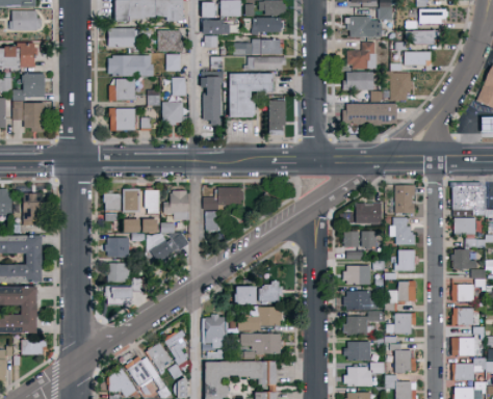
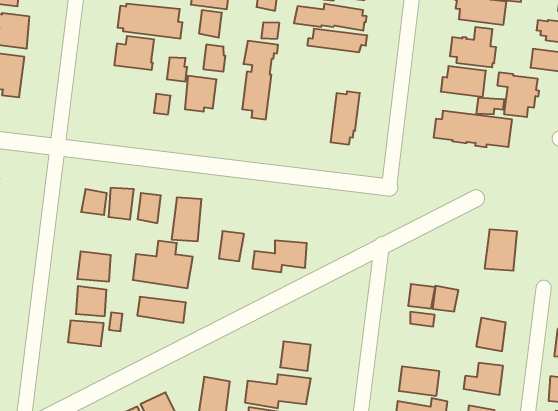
building: [233,75,277,118] -> none
building: [112,109,140,132] -> none
building: [202,186,239,209] -> [252,240,307,272]
building: [354,202,381,222] -> none
building: [393,216,414,244] -> none
building: [121,218,154,233] -> [137,297,186,323]
building: [342,264,370,284] -> none
building: [231,286,252,304] -> none

